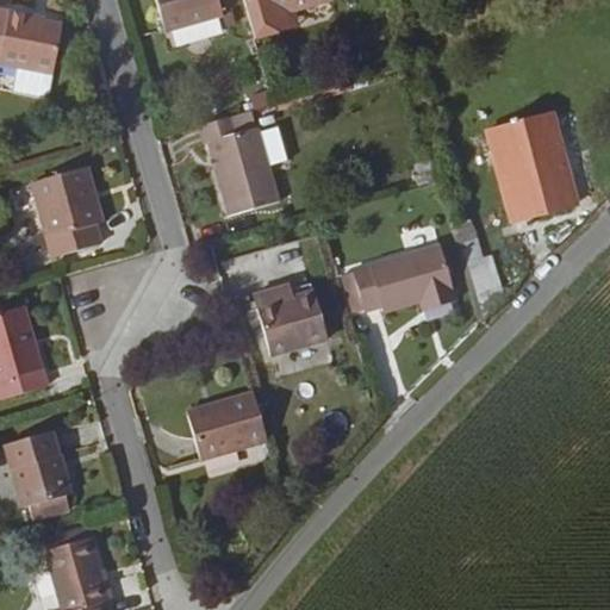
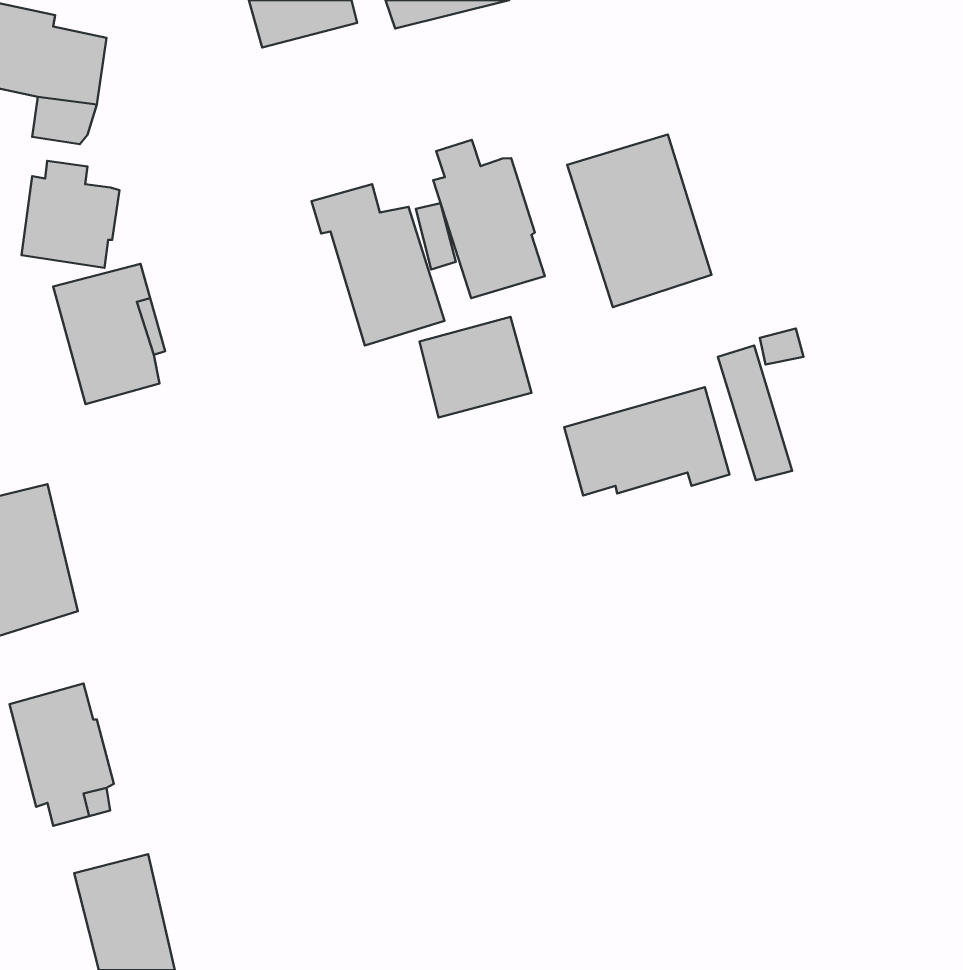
building: none -> [433,140,545,298]
building: none -> [22,161,119,268]
building: [475,106,566,214] -> [567,134,712,307]
building: [257,293,328,356] -> [419,317,531,417]
building: [188,391,267,459] -> none

